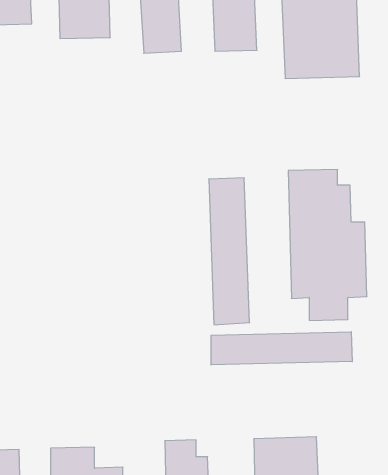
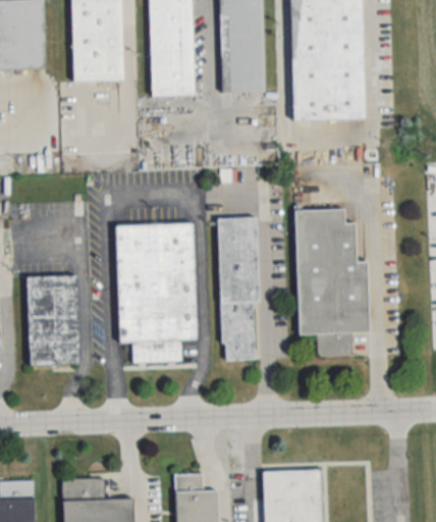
building: none -> [115,222,194,363]
building: none -> [28,274,79,364]
building: [211,332,352,365] -> none

